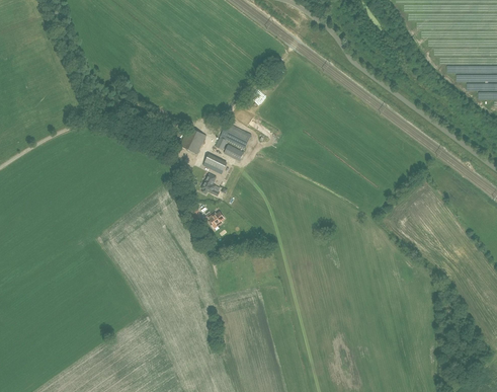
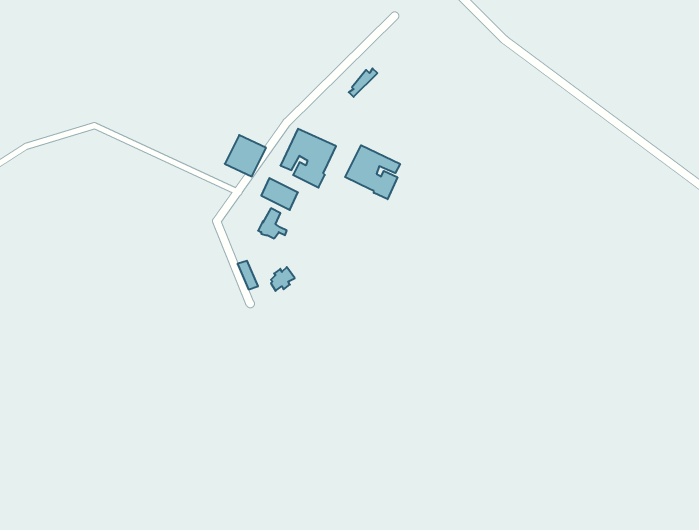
building: none -> [345,145,400,199]

